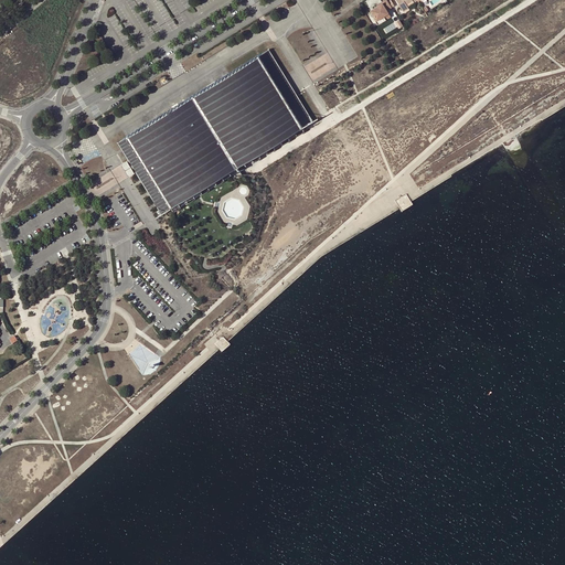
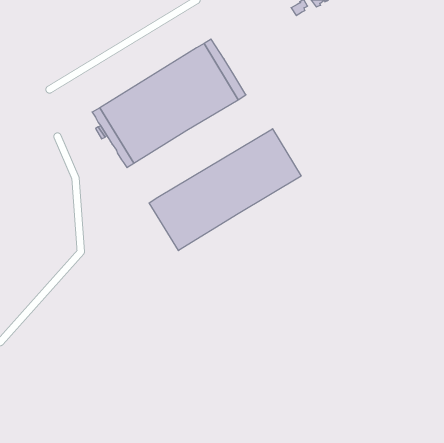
building: none -> [149,129,301,251]

